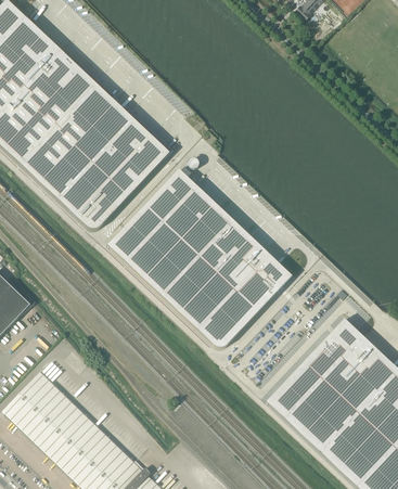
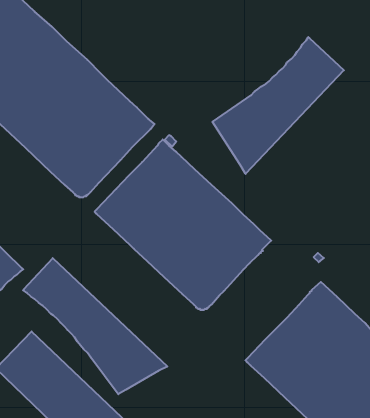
building: none -> [212,37,344,174]
building: none -> [23,258,167,394]

